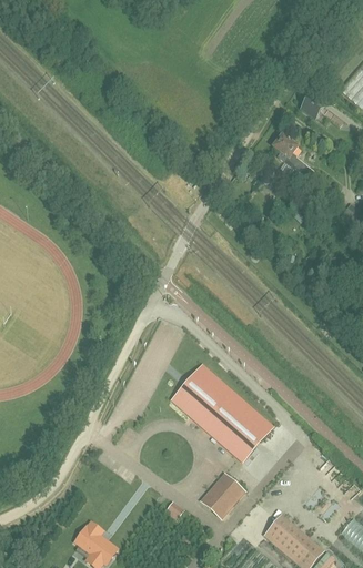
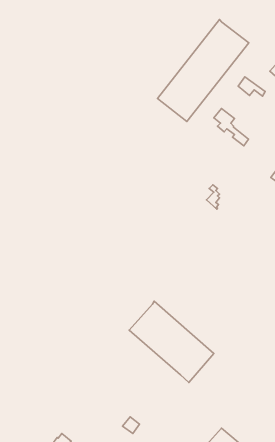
building: none -> [158,20,249,122]
building: [200,473,244,518] -> none

